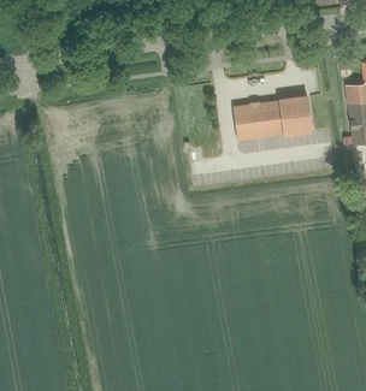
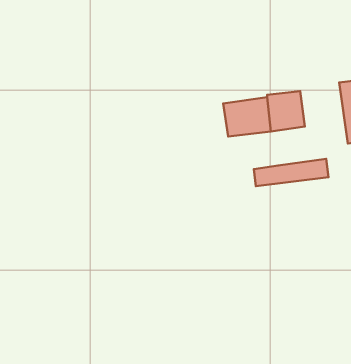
building: none -> [254,159,329,186]

